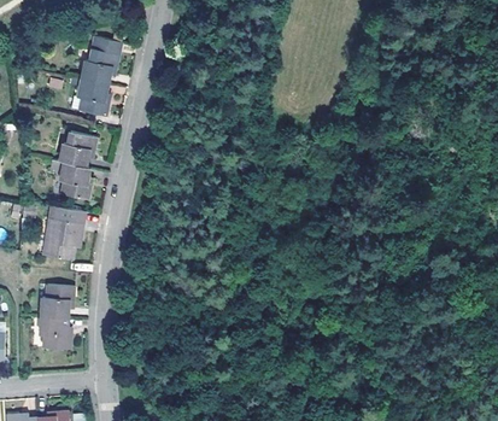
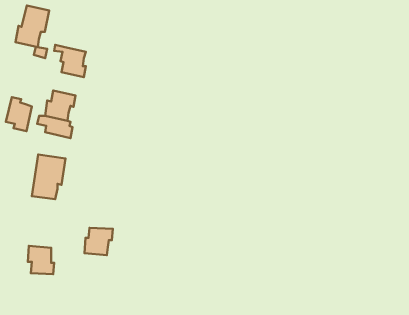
building: [82,35,122,84] -> [16,6,49,47]
building: none -> [6,97,32,131]
building: [41,285,75,317] -> [84,228,113,255]

